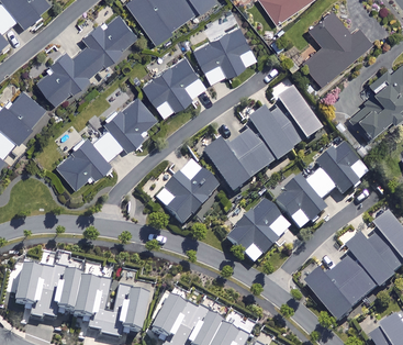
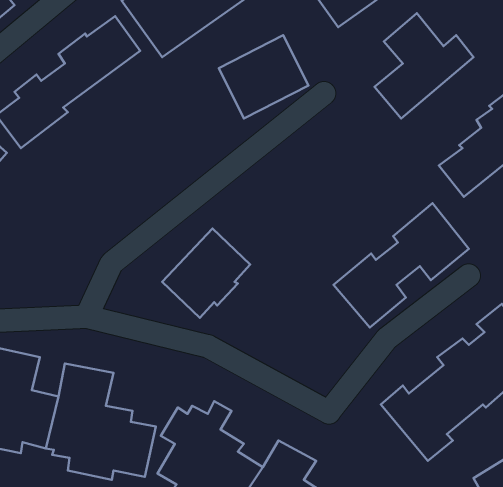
building: [143,58,205,119] -> none
building: [203,91,324,197] -> none
building: [56,98,156,189] -> none
building: [227,203,291,266] -> none

